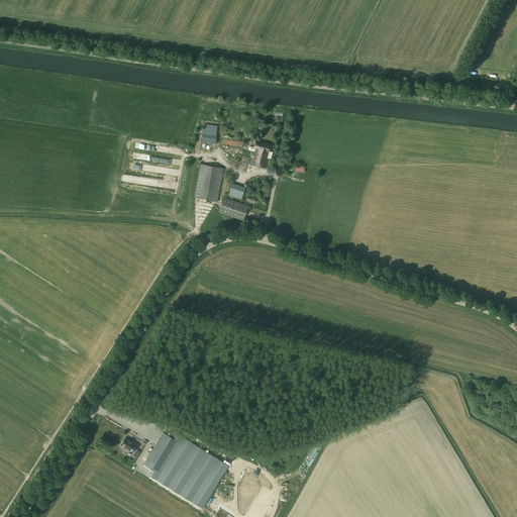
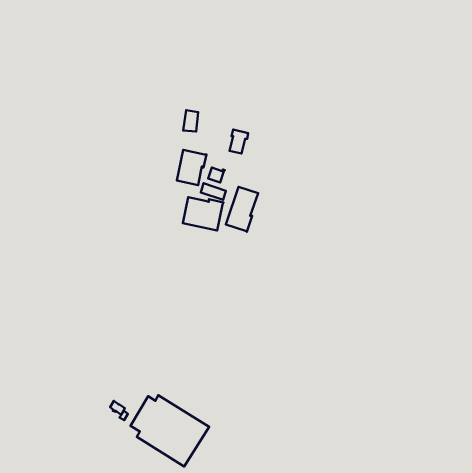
building: none -> [226,187,258,232]
building: none -> [183,197,224,231]

